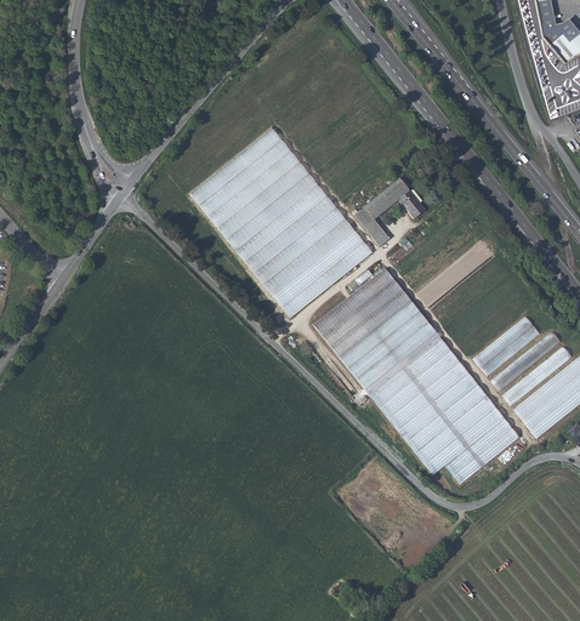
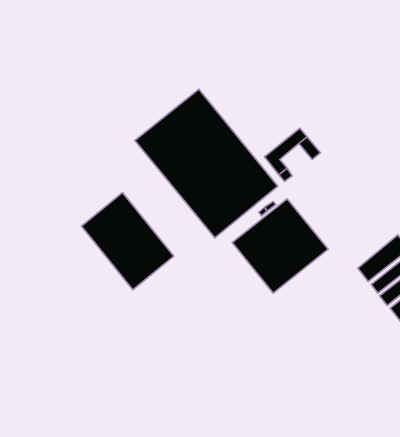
building: none -> [81,193,174,290]
building: [369,337,517,480] -> none

